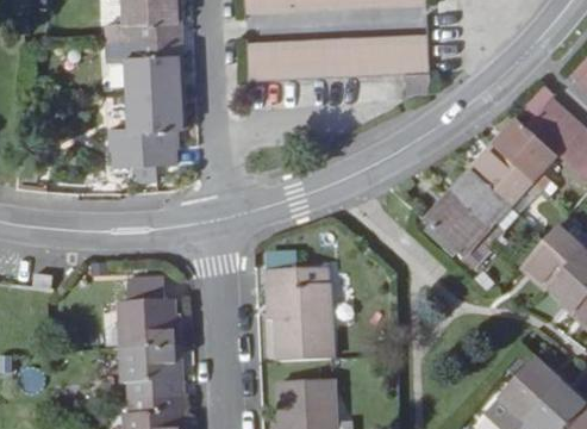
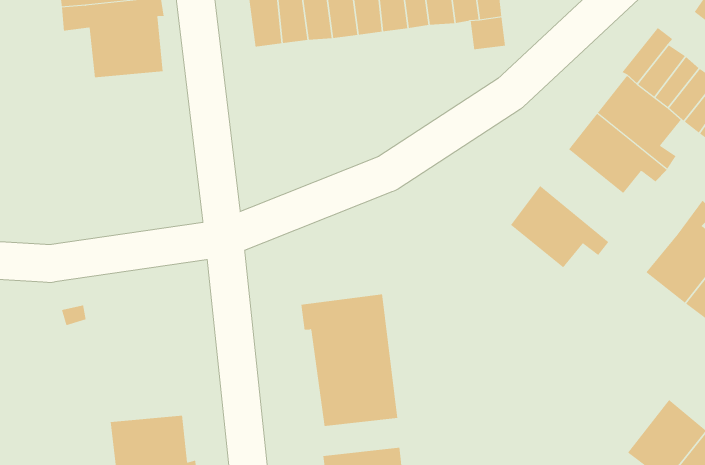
building: [112,94,181,166] -> none
building: [449,172,520,242] -> none
building: [120,276,181,348] -> none

